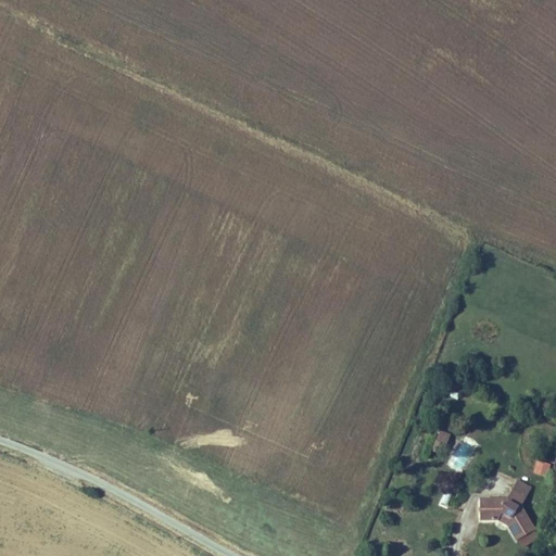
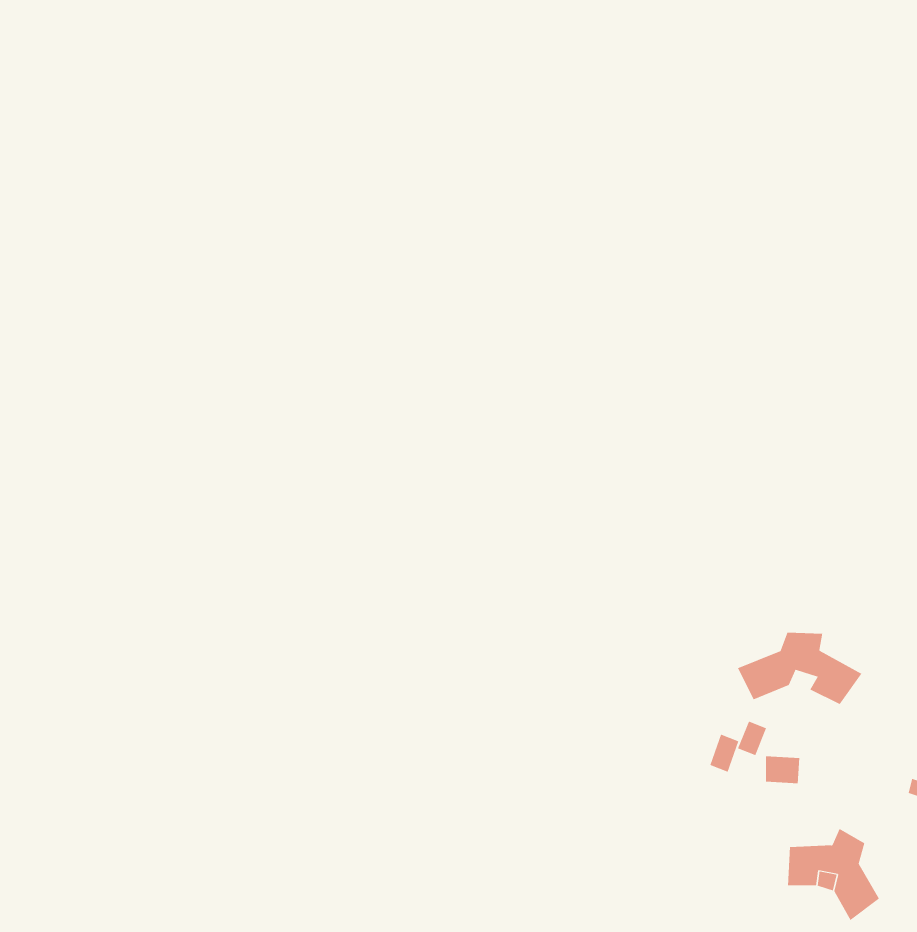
building: none -> [737,632,862,705]

